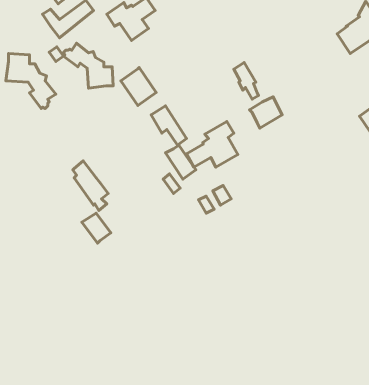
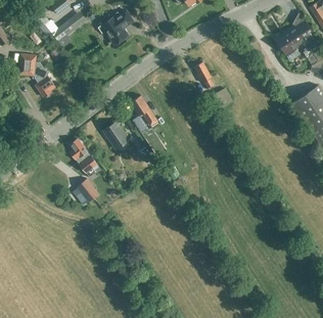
building: [64,43,113,88] -> none
building: [121,68,156,106] -> [101,121,129,150]
building: [186,122,238,167] -> none

